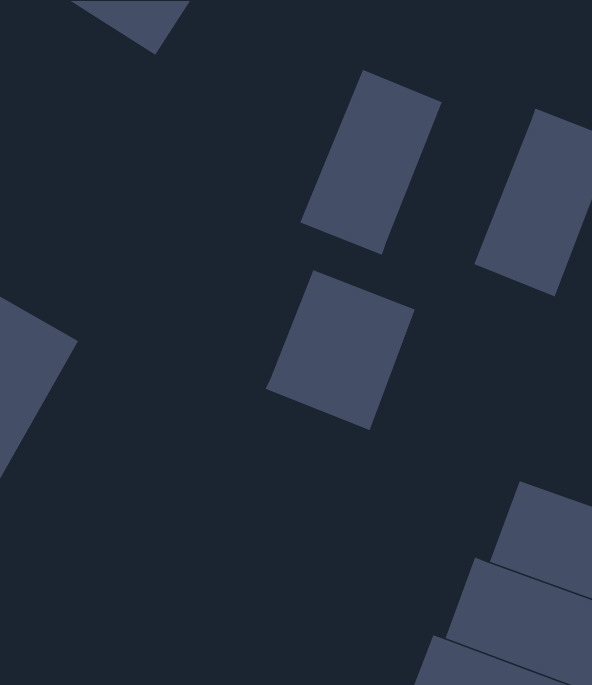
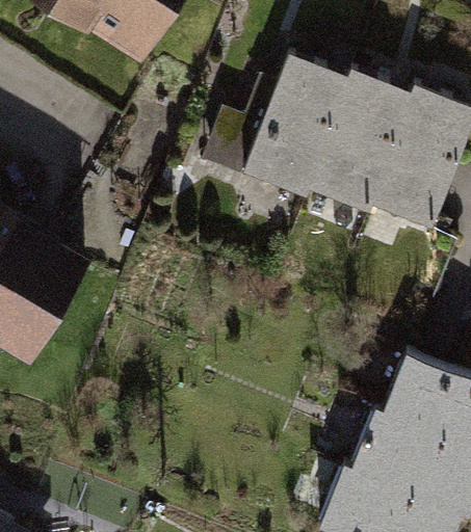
building: none -> [309,73,413,208]
building: [264,269,416,431] -> none

